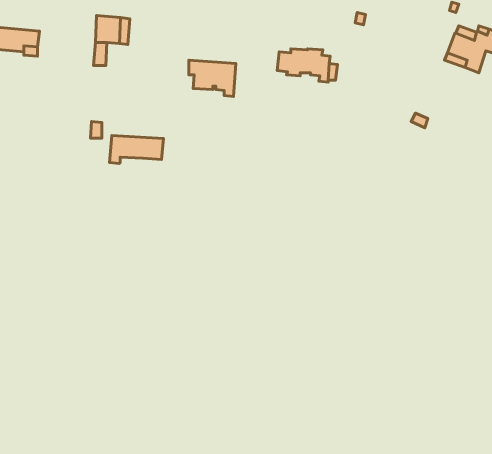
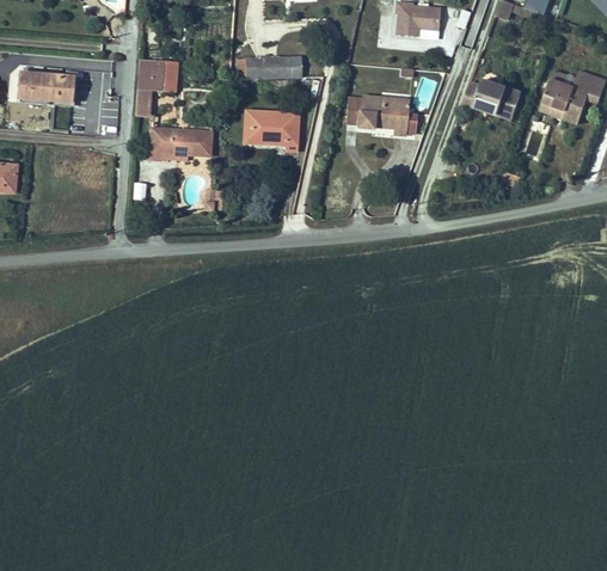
building: none -> [246,56,301,78]
building: none -> [461,79,521,119]
building: [110,135,164,164] -> [149,128,211,160]

